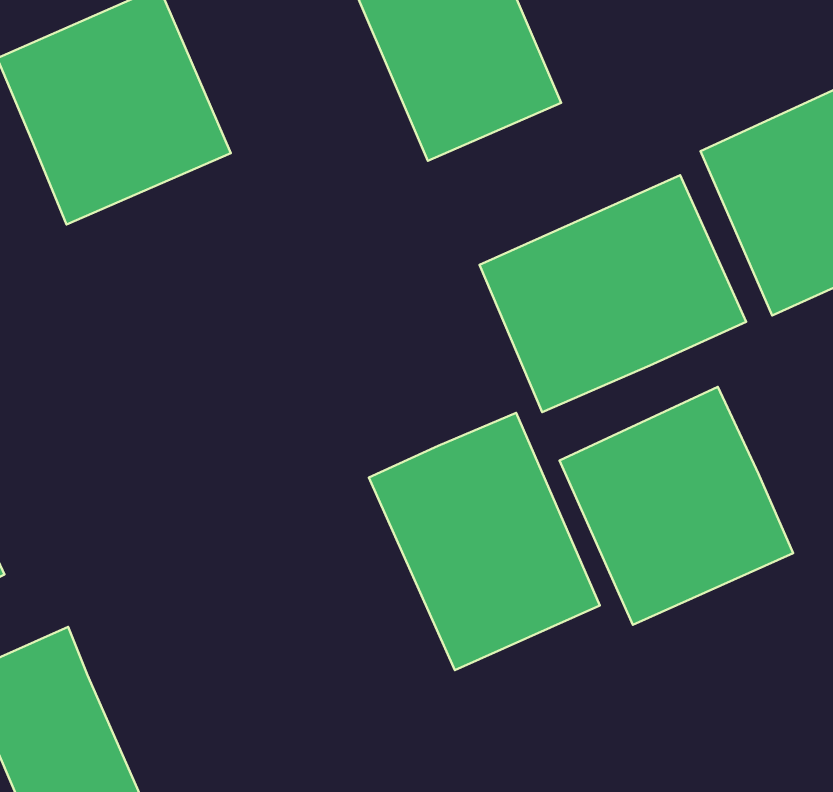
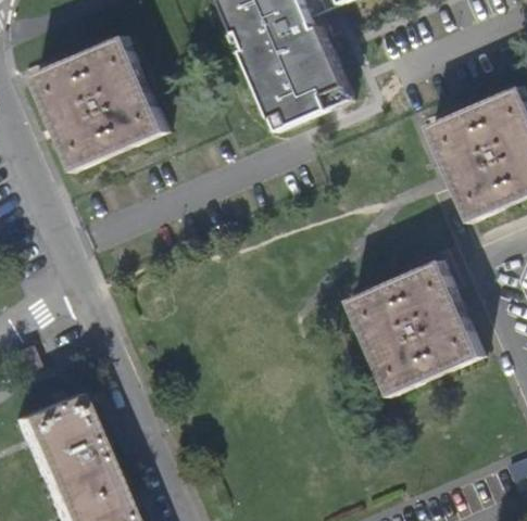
building: [480,175,746,412] -> none
building: [369,413,600,670] -> none

